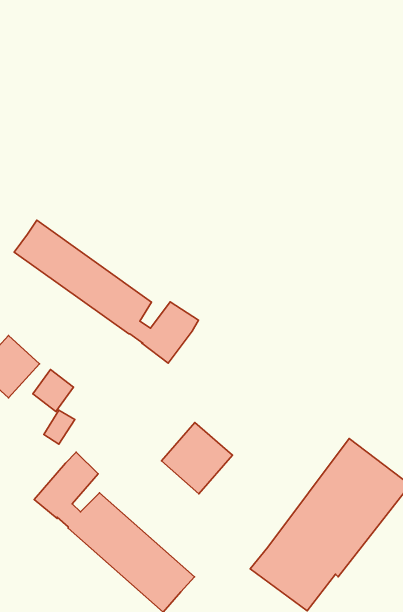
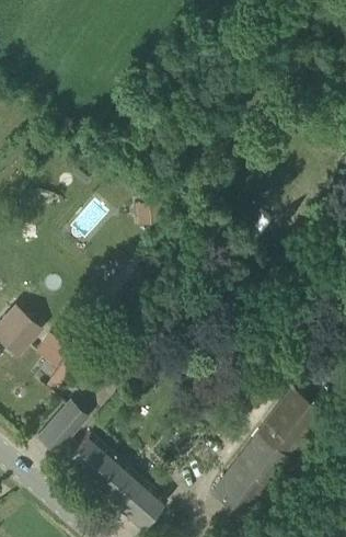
building: [14,220,199,363] -> none
building: [161,422,232,494] -> none

